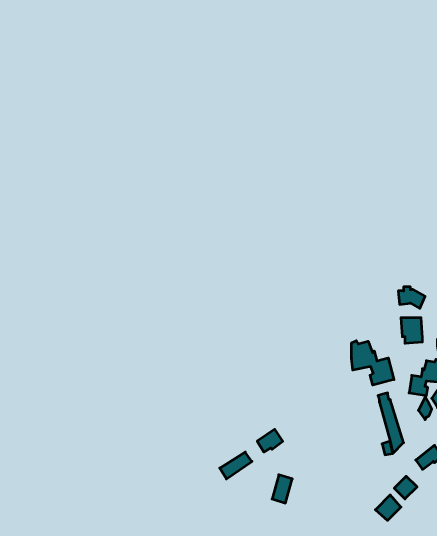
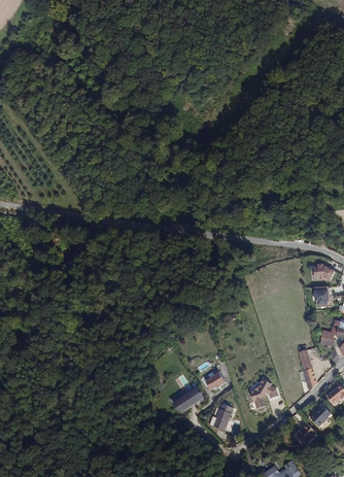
building: [351,341,394,385] -> none
building: none -> [250,378,278,411]

